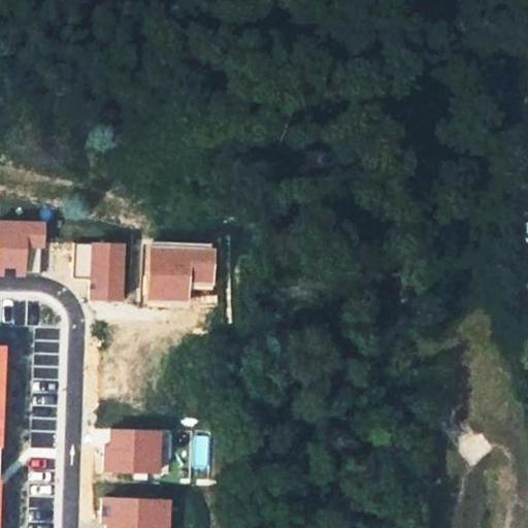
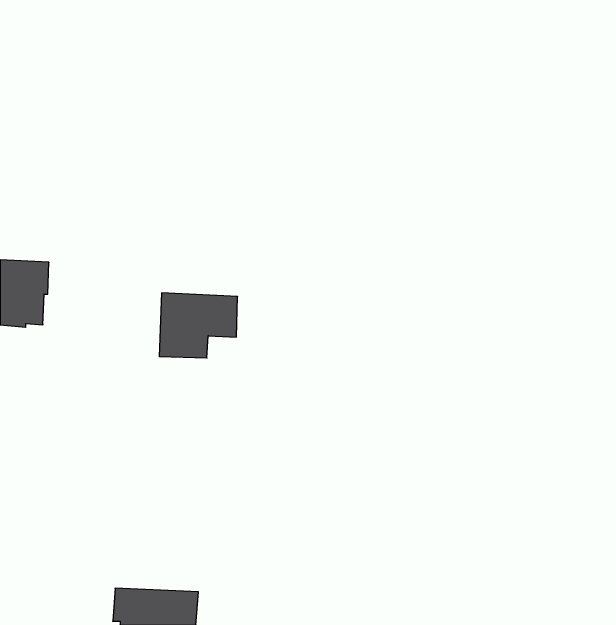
building: [74,242,125,299] -> none
building: [104,429,158,474] -> none

